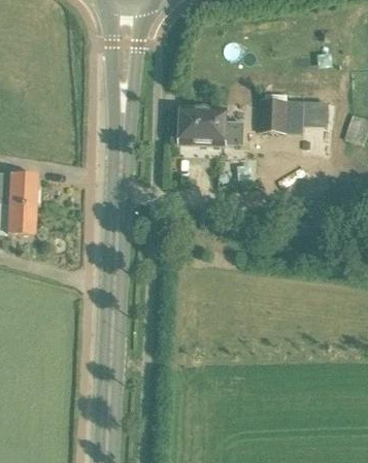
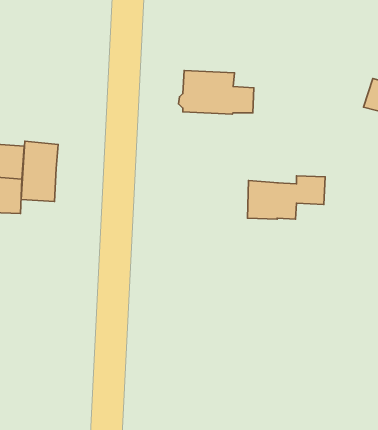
building: [260,94,330,133] -> [247,176,325,219]
building: none -> [21,141,58,202]

